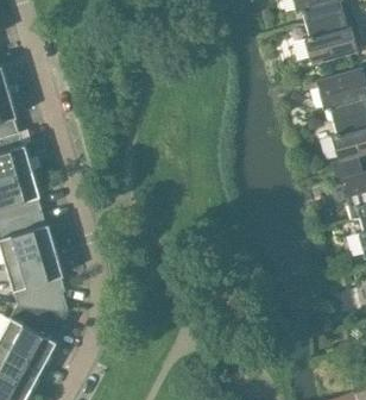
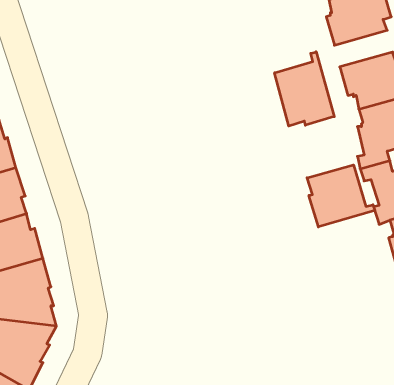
building: none -> [275,52,334,126]
building: none -> [307,165,375,227]

